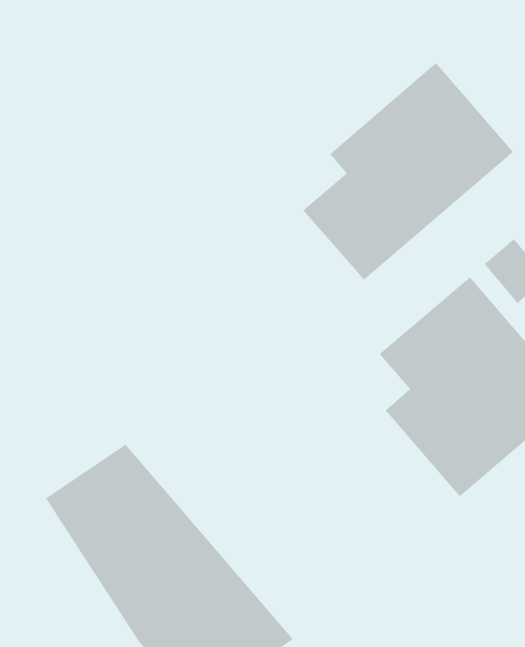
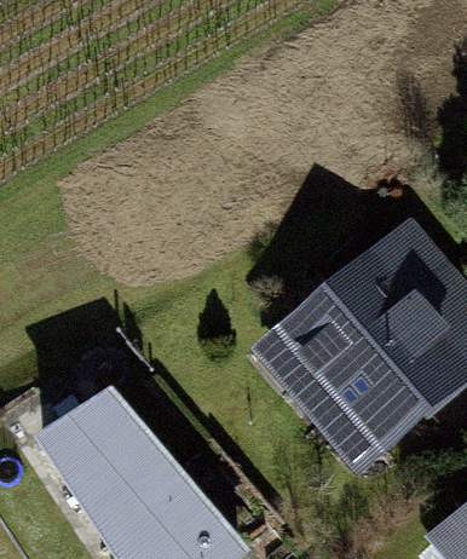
building: [302,62,514,281] -> none

